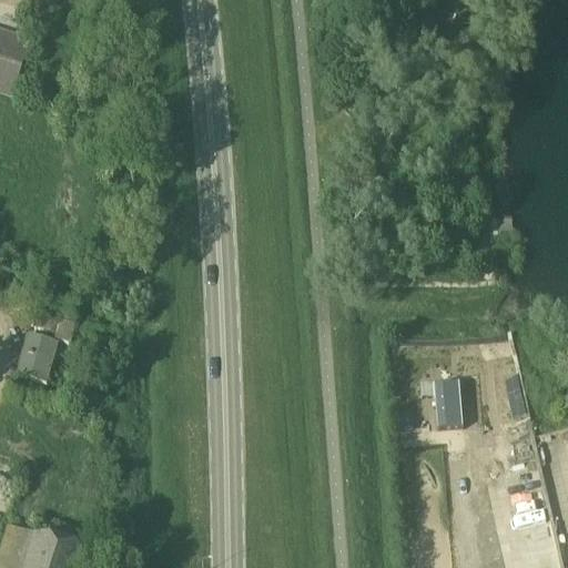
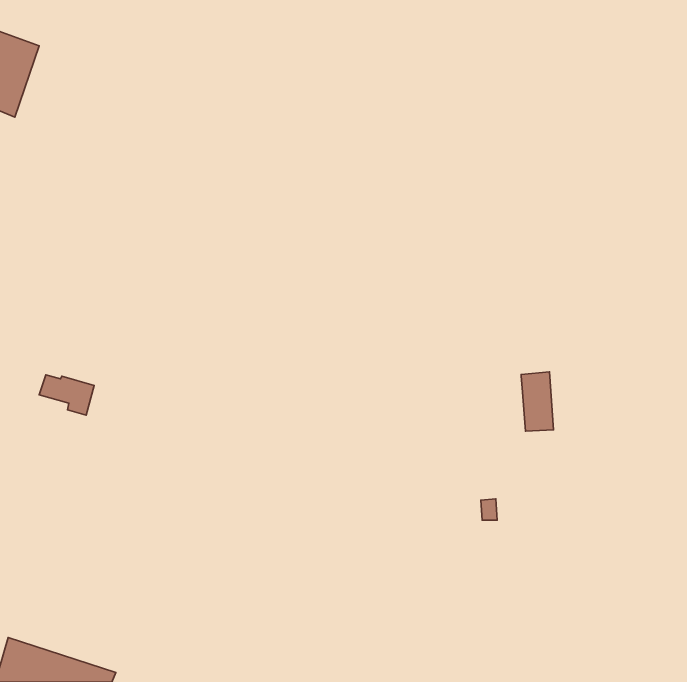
building: [16,333,57,381] -> none
building: [435,378,462,427] -> [521,372,554,431]

